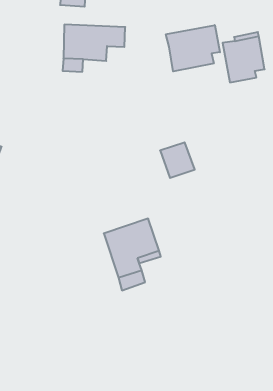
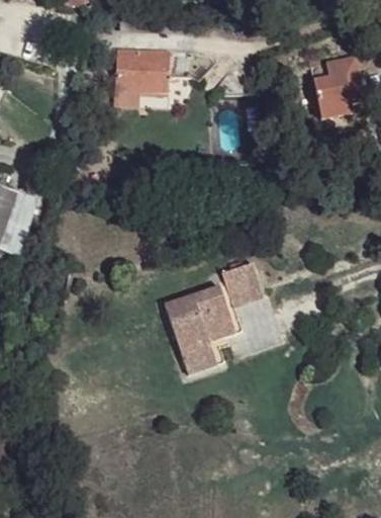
building: [166,25,220,71] -> none
building: [160,142,195,178] -> [221,262,264,306]

